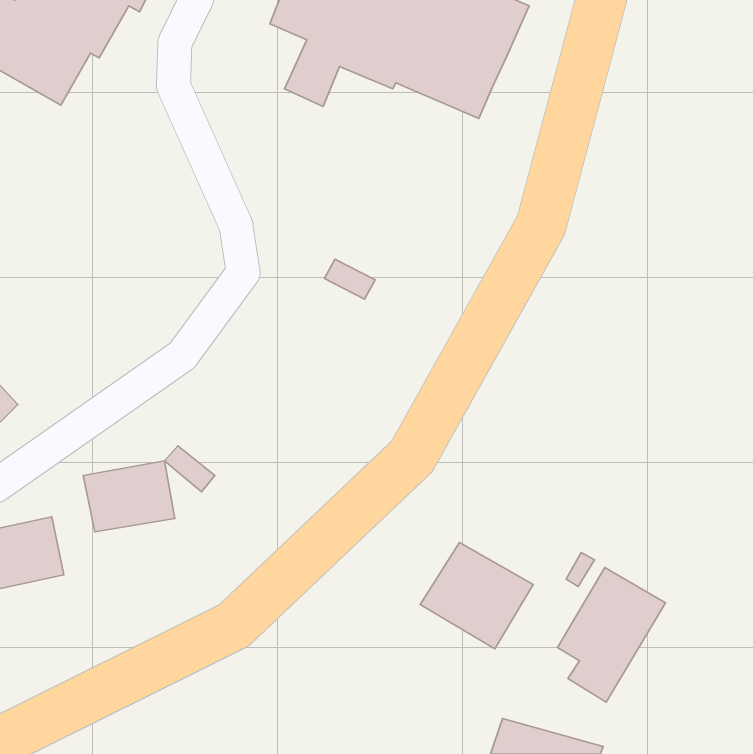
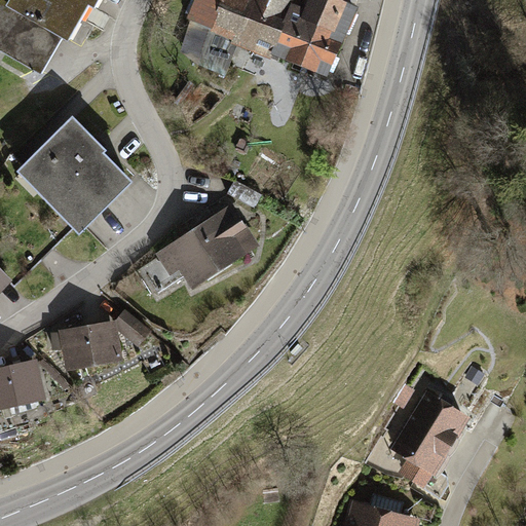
building: none -> [17,115,133,234]
building: none -> [153,204,257,290]
building: [420,542,533,649] -> none

